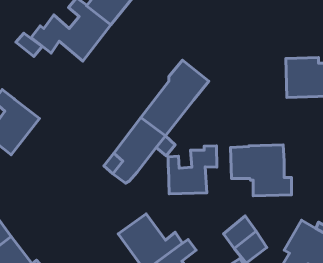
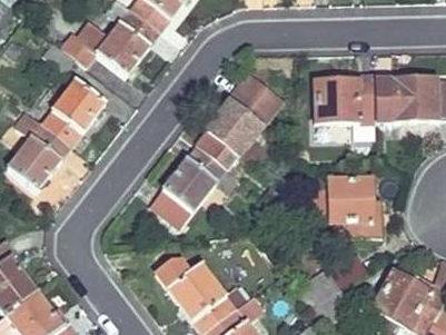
building: none -> [315,73,376,122]
building: none -> [42,80,107,147]
building: [168,146,217,194] -> none

